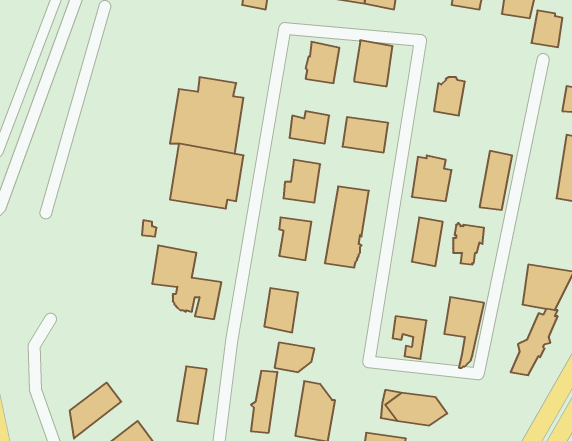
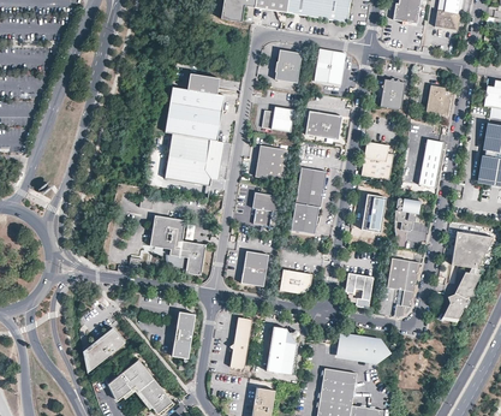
building: [531,10,562,47] -> [425,85,451,115]
building: [275,343,314,372] -> [279,269,311,293]

